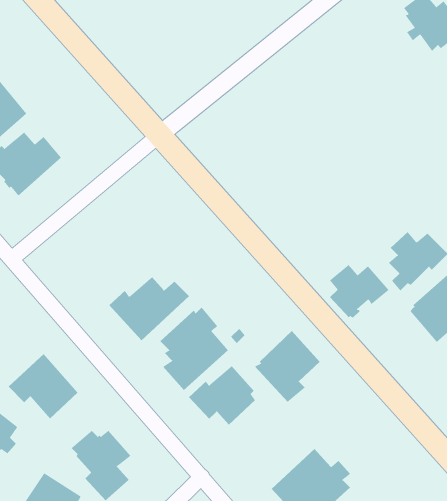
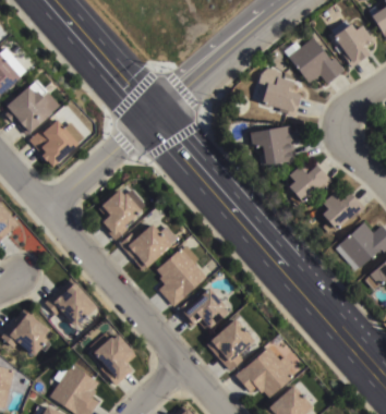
building: none -> [288,37,343,83]
building: none -> [257,75,301,115]
building: none -> [249,124,297,166]
building: none -> [98,188,138,240]
building: [329,264,389,318] -> [288,162,331,202]
building: [254,330,320,403] -> [205,318,253,370]

